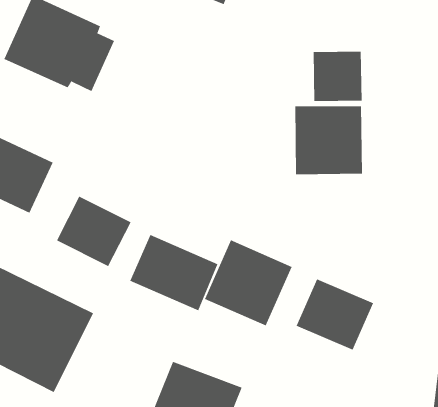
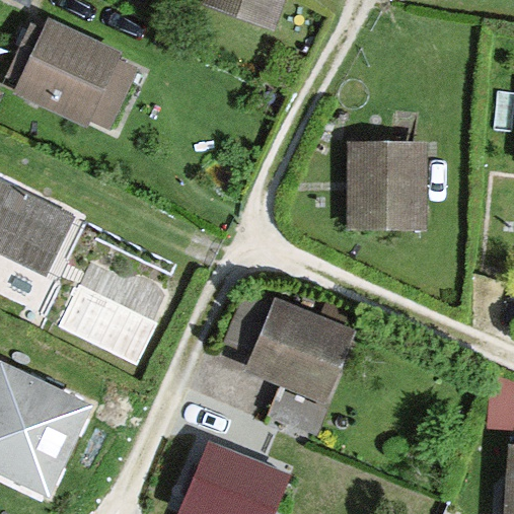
building: [313,51,362,102] -> none
building: [130,234,218,311] -> none
building: [296,278,374,351] -> none

